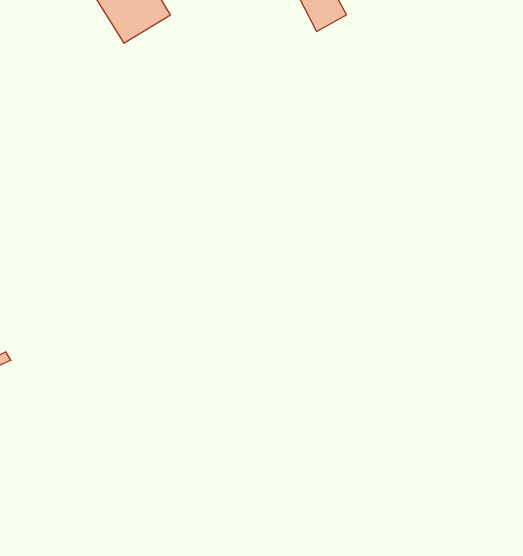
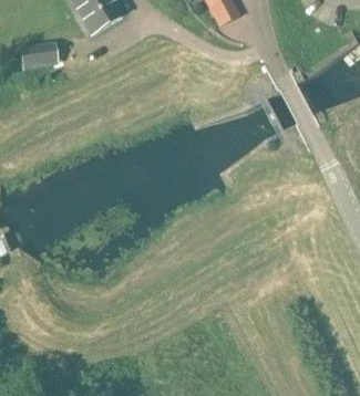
building: none -> [21,42,58,66]

